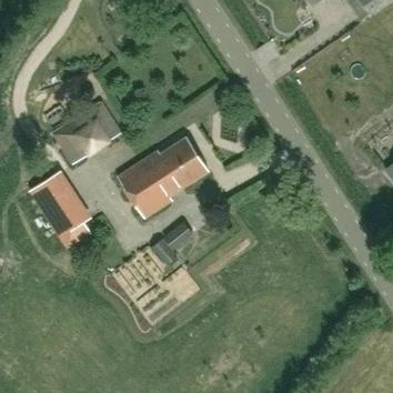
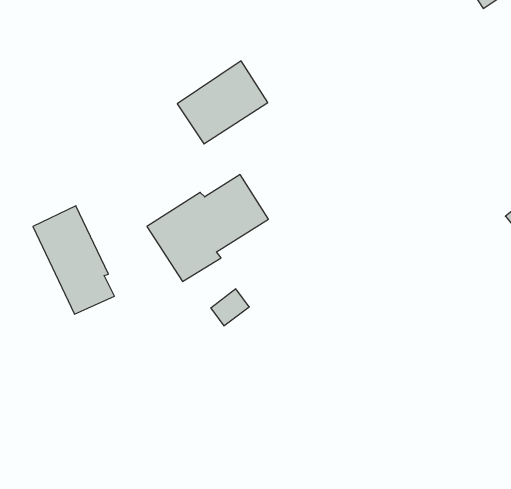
building: [53,103,121,165] -> [177,61,268,144]

